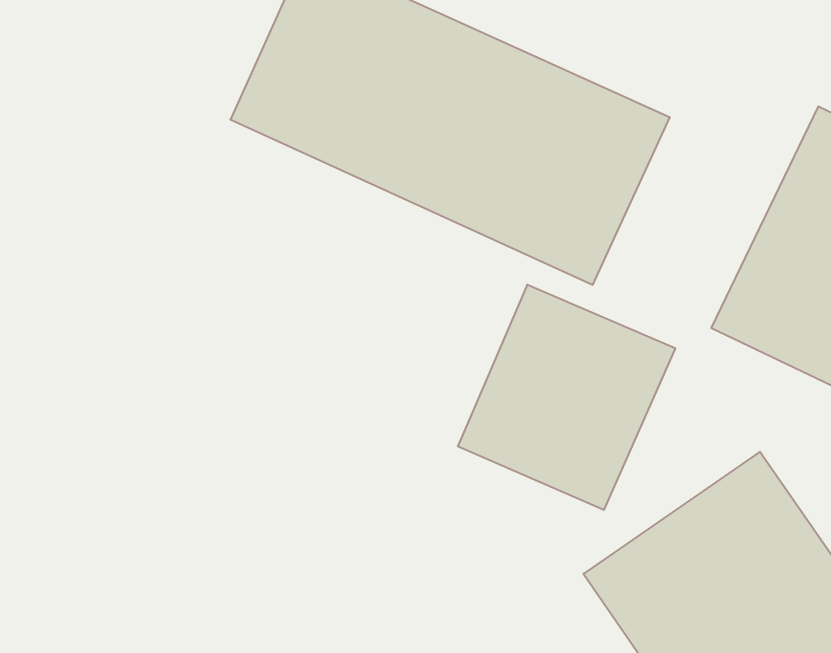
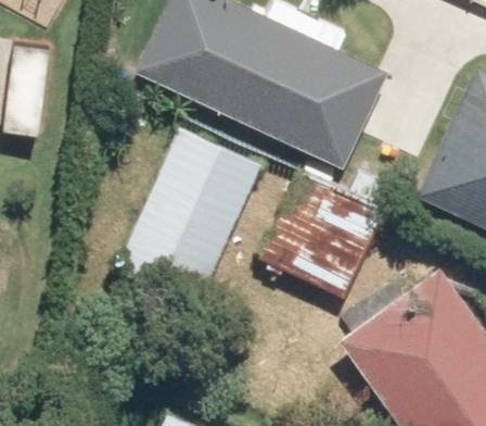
building: none -> [117,125,266,309]

